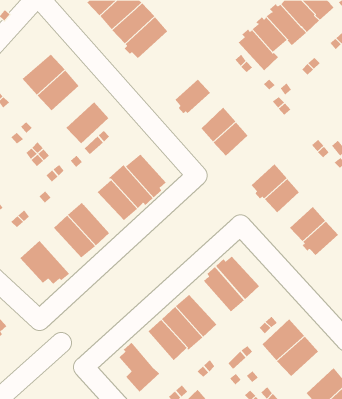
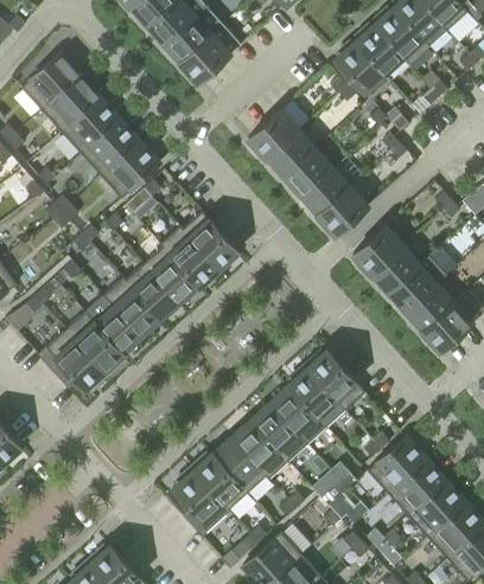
building: none -> [20,52,79,109]
building: none -> [81,118,139,175]
building: none -> [266,128,314,177]
building: none -> [317,186,367,235]
building: none -> [388,256,445,312]
building: none -> [125,263,179,319]
building: none -> [64,312,121,374]
building: none -> [268,384,325,443]
building: none -> [190,453,247,509]
building: none -> [407,480,465,537]

